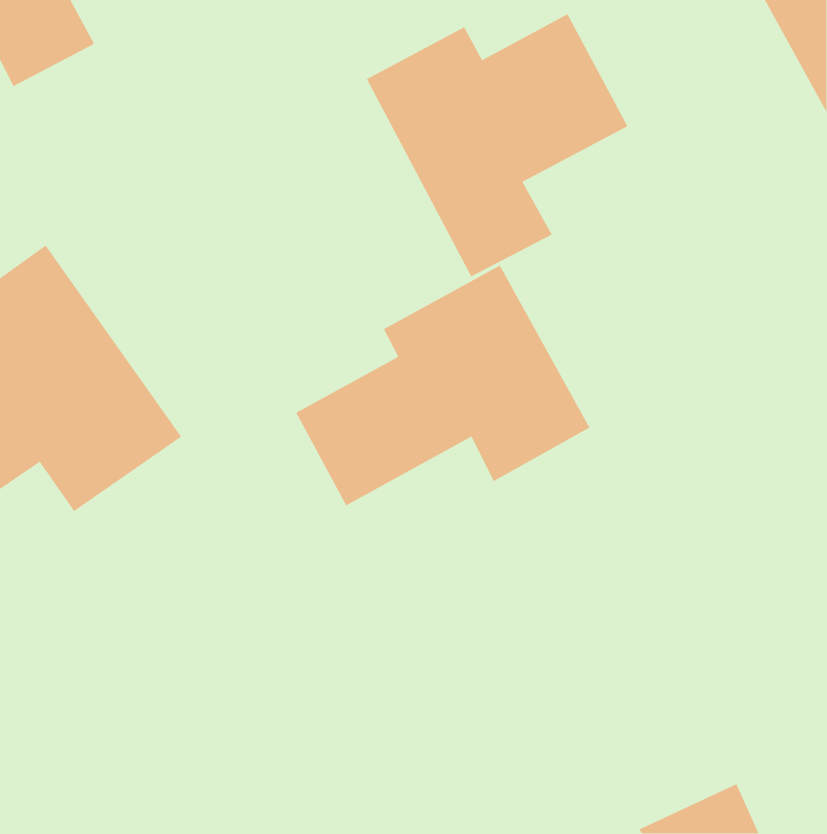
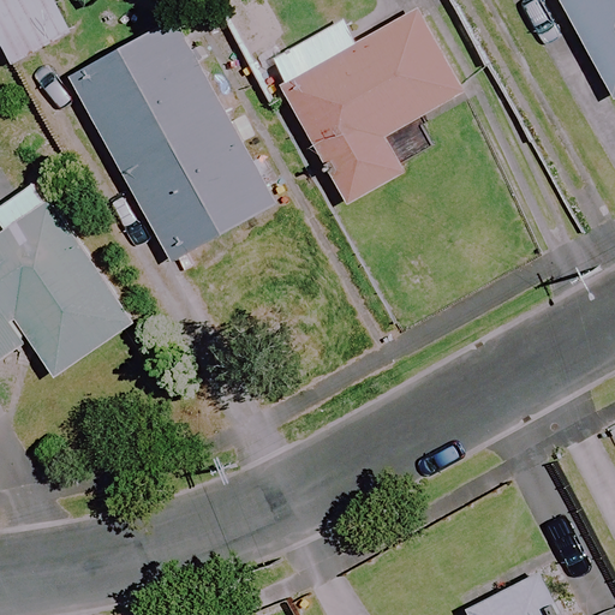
building: none -> [70,22,274,261]
building: [295,264,591,506] -> none

